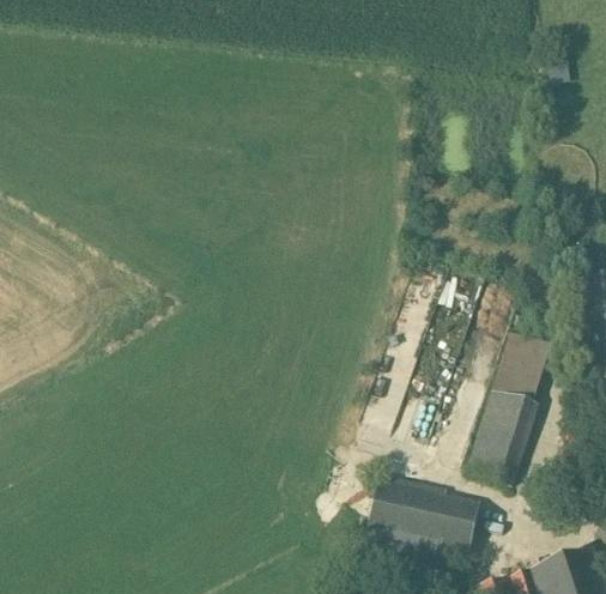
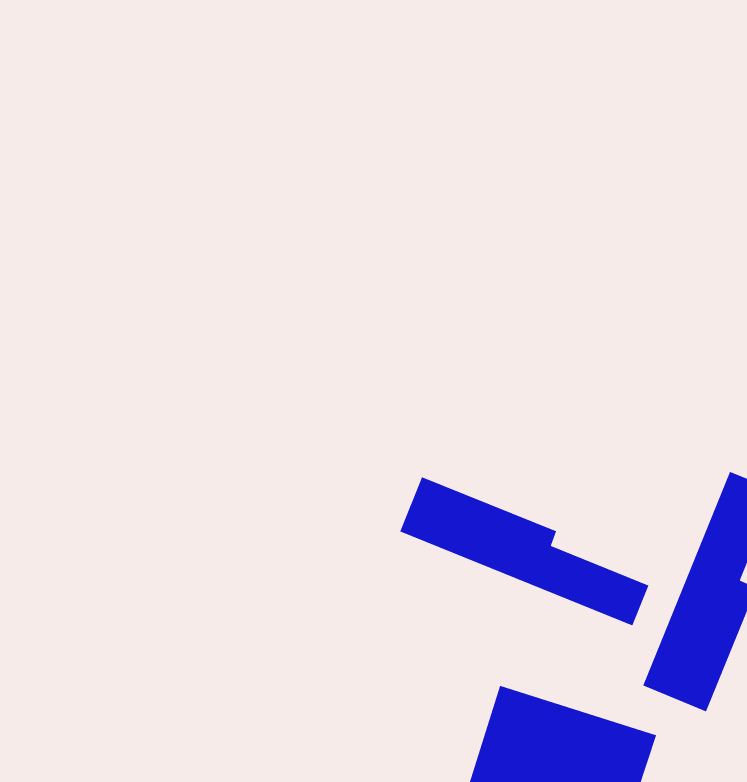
building: none -> [399,476,649,626]

